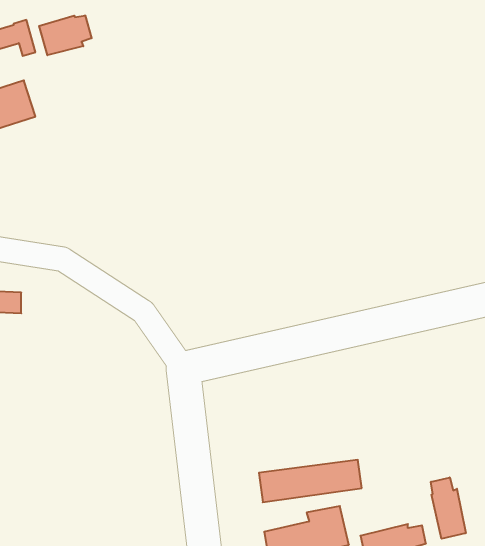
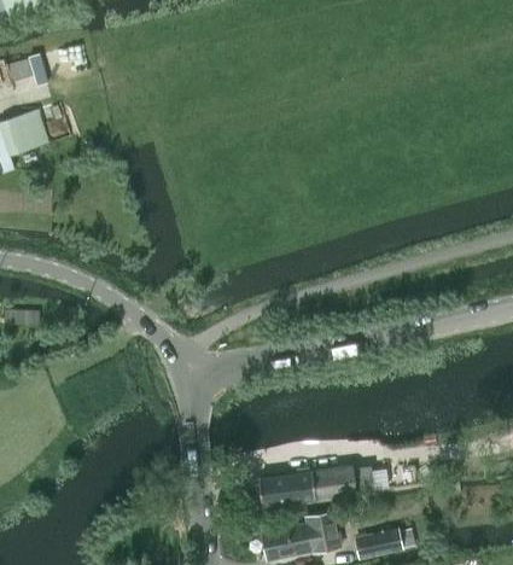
building: [39,15,92,55] -> none
building: [431,477,466,539] -> none

